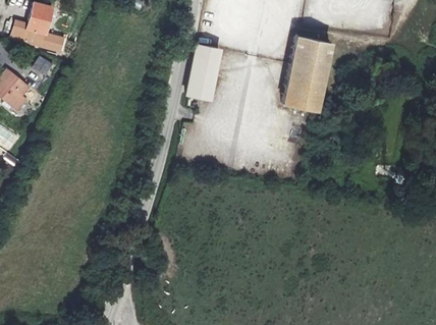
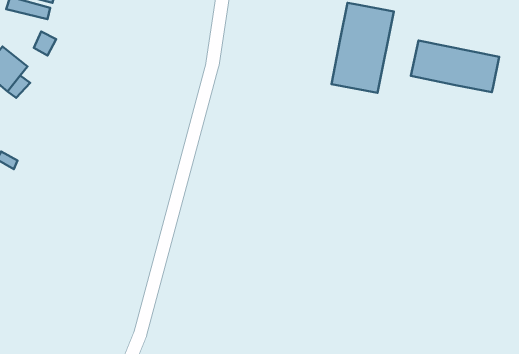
building: [185,42,220,100] -> none
building: none -> [411,41,499,92]

